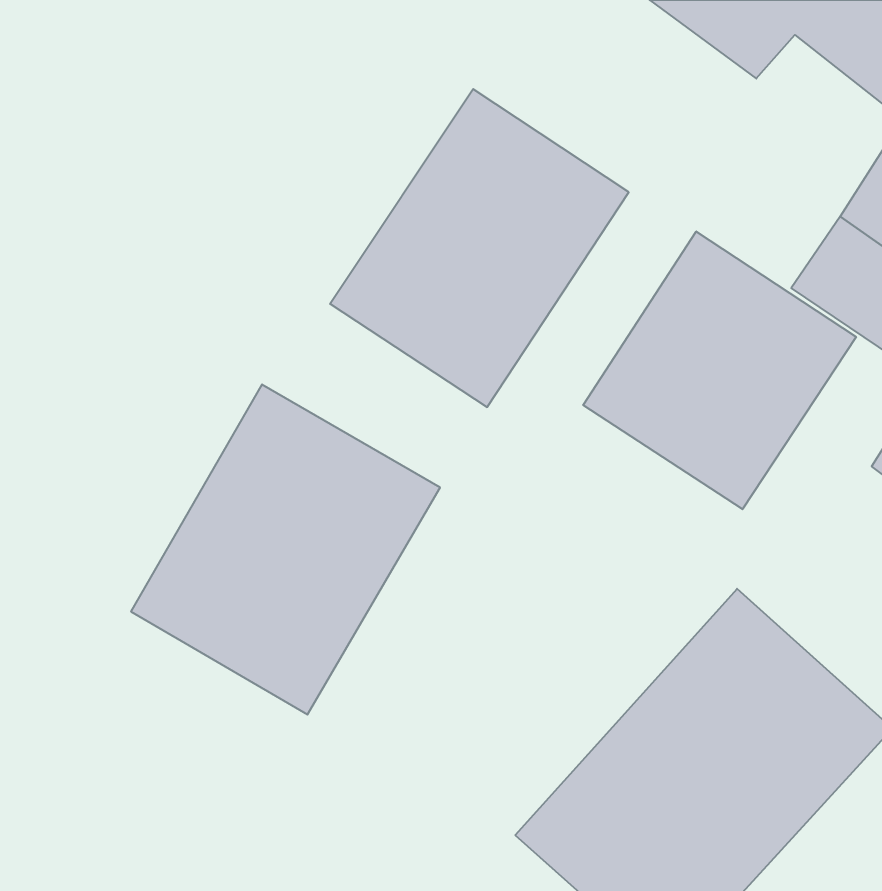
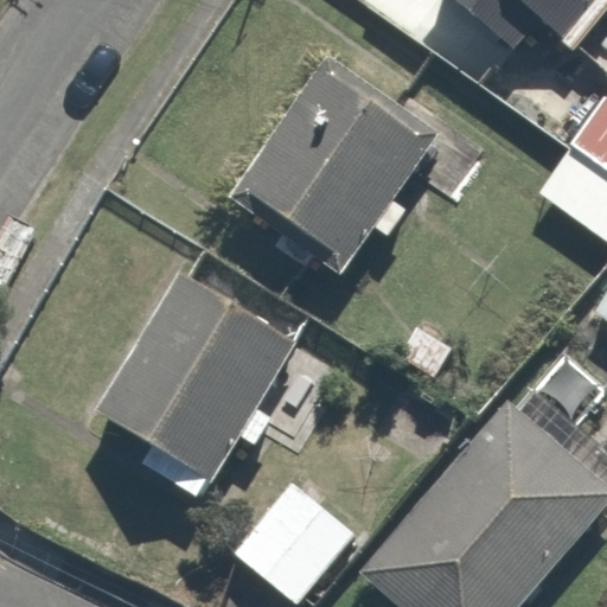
building: [583,231,856,509] -> none
building: none -> [236,468,362,596]

